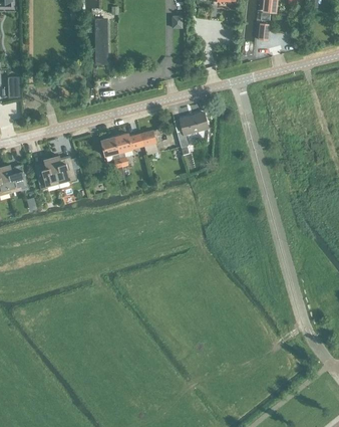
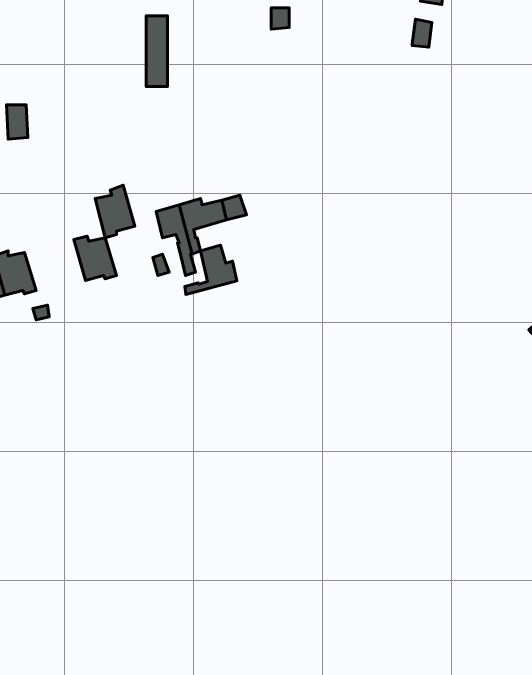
building: [176,112,210,144] -> none
building: [34,158,58,190] -> [95,185,135,238]
building: none -> [185,245,237,295]

